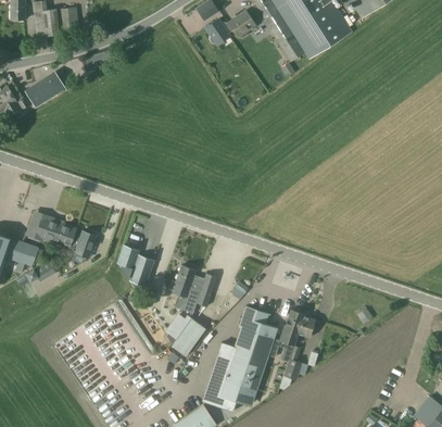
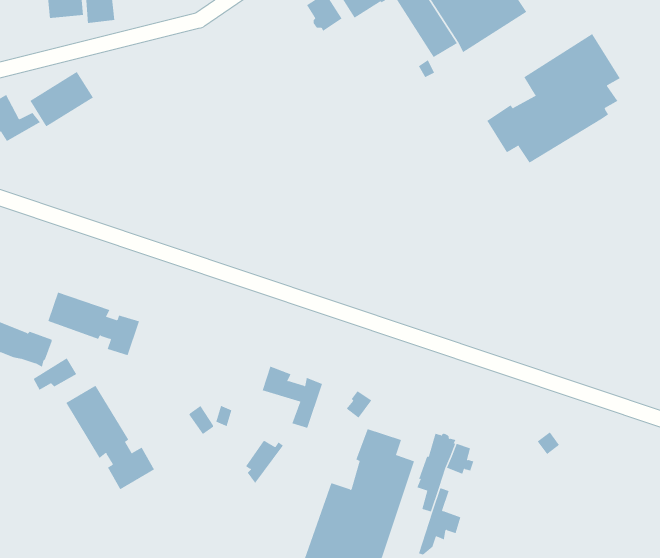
building: none -> [486,33,621,164]
building: [116,244,154,289] -> none
building: none -> [66,385,155,490]
building: [171,281,201,313] -> none
building: [171,318,205,356] -> none

